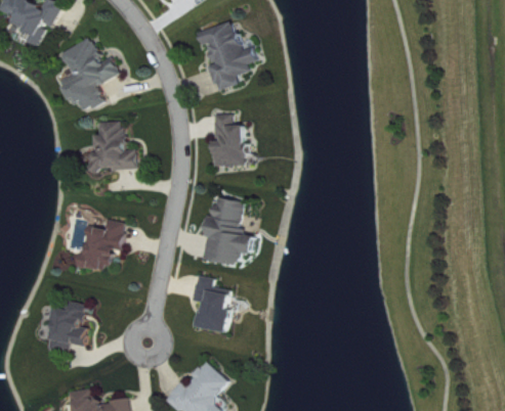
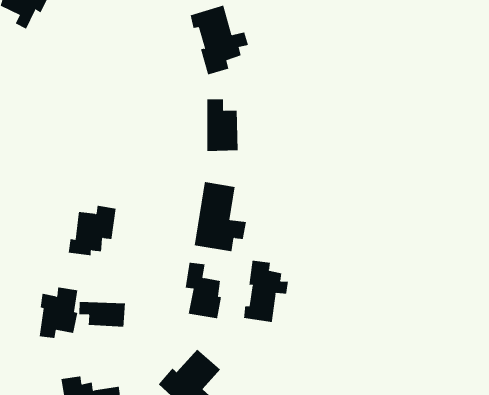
building: [60,37,120,115] -> none
building: [81,121,136,171] -> none
building: none -> [244,260,289,323]
building: none -> [79,301,126,328]

